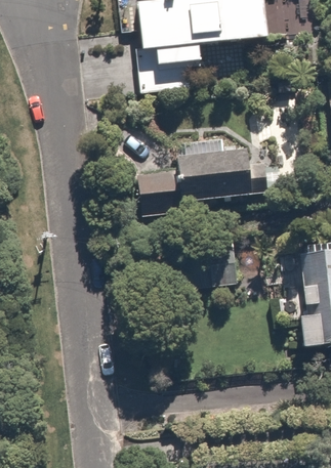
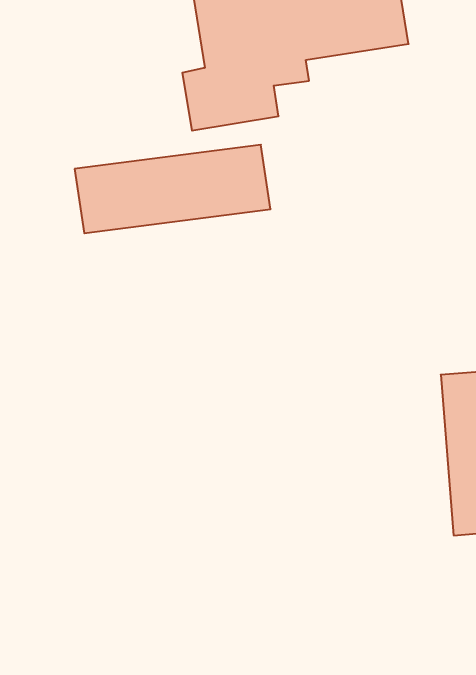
building: [135,151,260,207] -> [75,145,271,233]

